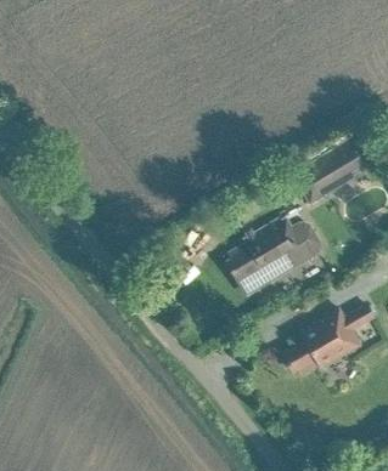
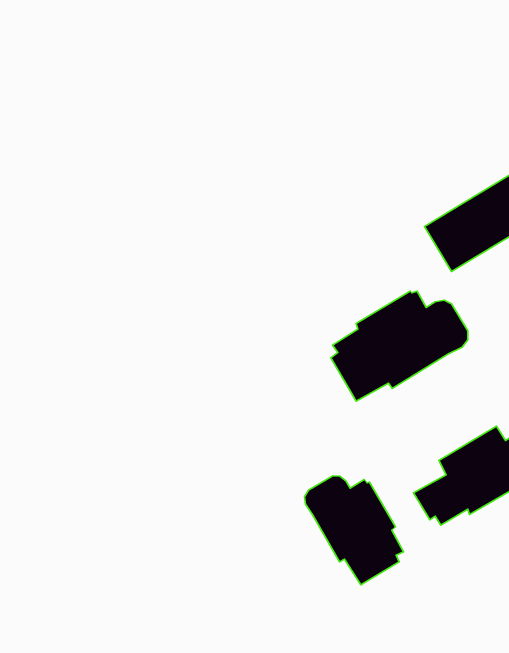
building: none -> [305,476,403,585]

